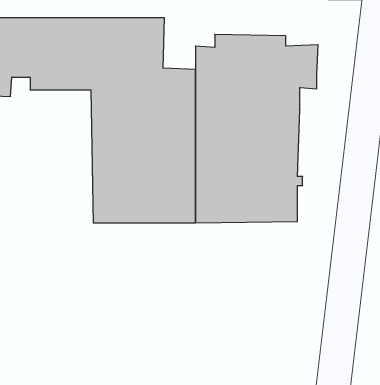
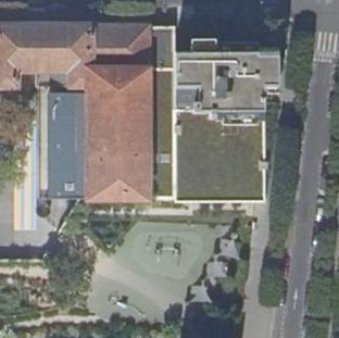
building: none -> [149,25,176,68]
building: none -> [37,86,90,198]

